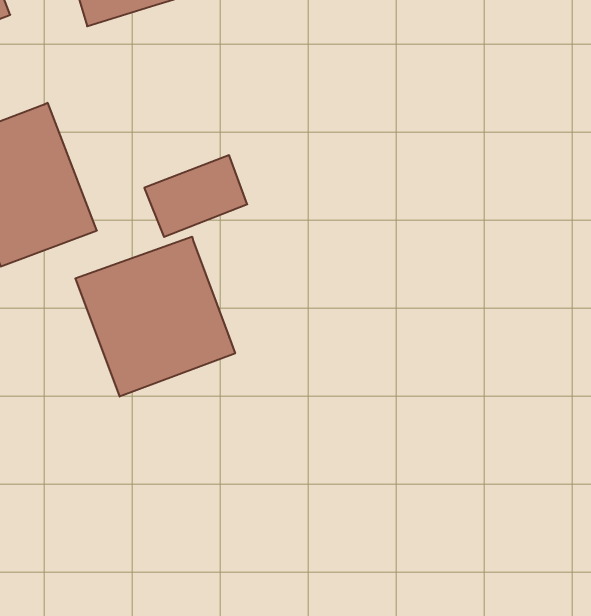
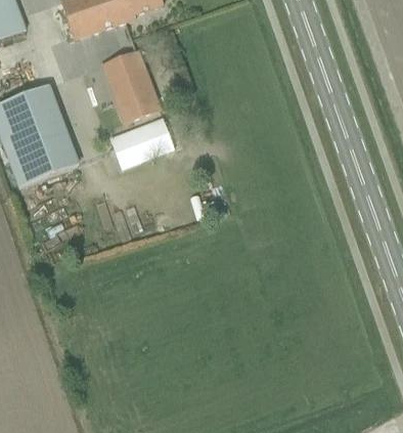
building: none -> [100,48,162,124]
building: [75,237,235,397] -> none

